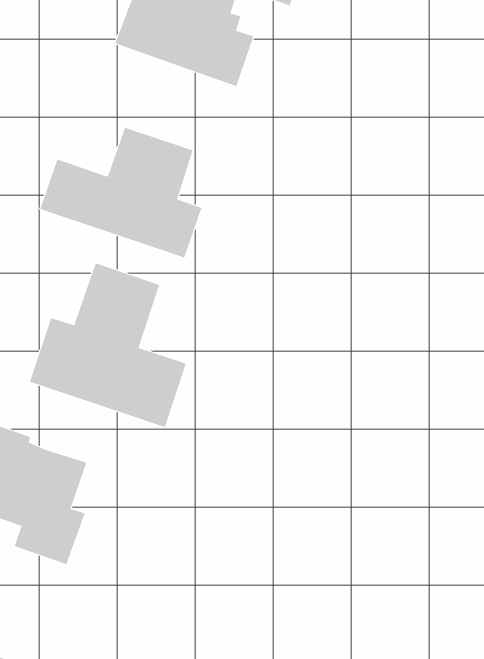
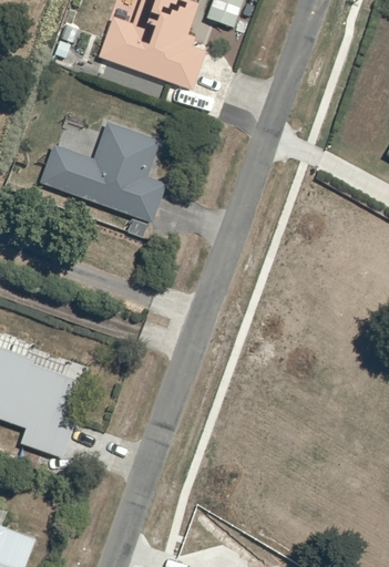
building: [29,262,187,428] -> none

